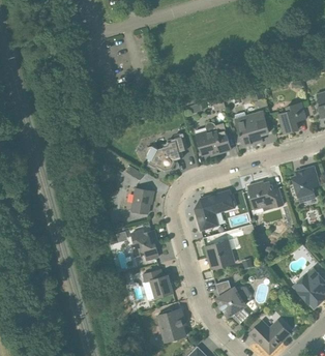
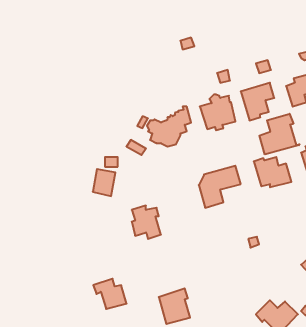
building: none -> [259,114,300,154]
building: [130,187,152,213] -> [93,169,115,196]
building: [205,239,235,269] -> none
building: [142,268,174,297] -> [93,279,127,309]
building: [216,279,249,323] -> none

